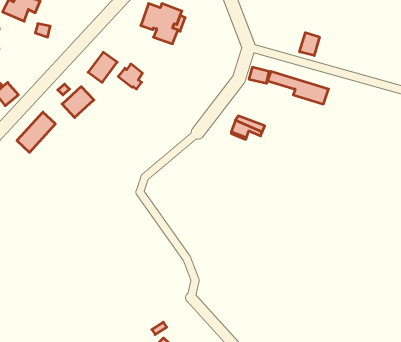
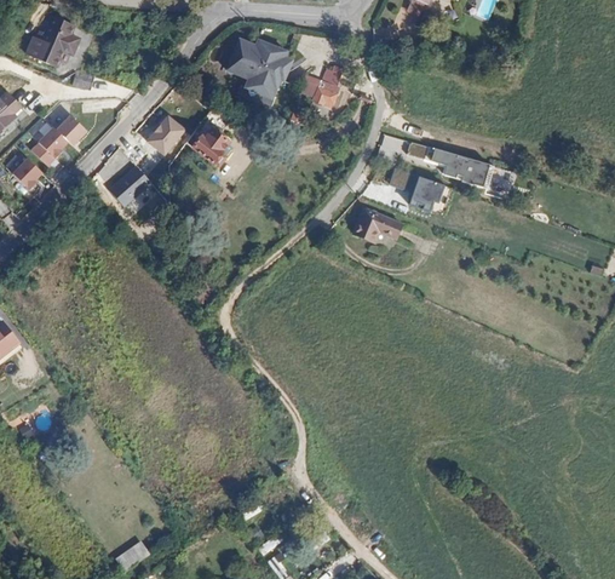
building: none -> [297,70,338,109]
building: [300,33,319,56] -> none
building: none -> [409,174,449,213]
building: [17,112,55,152] -> [33,110,88,168]

